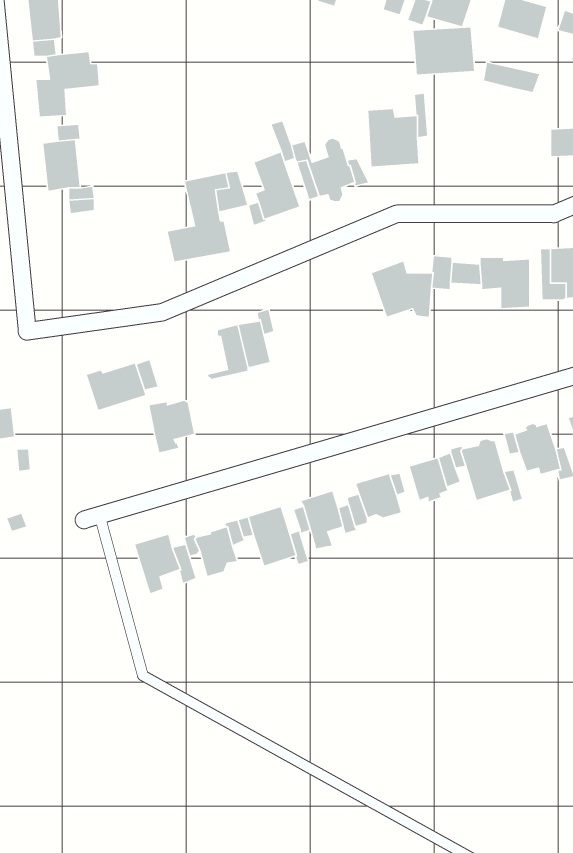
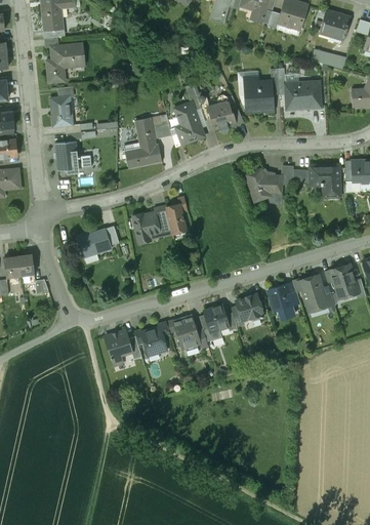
building: [413,27,475,75] -> [284,81,321,110]
building: none -> [54,142,91,170]
building: [148,400,195,453] -> [132,212,160,244]

